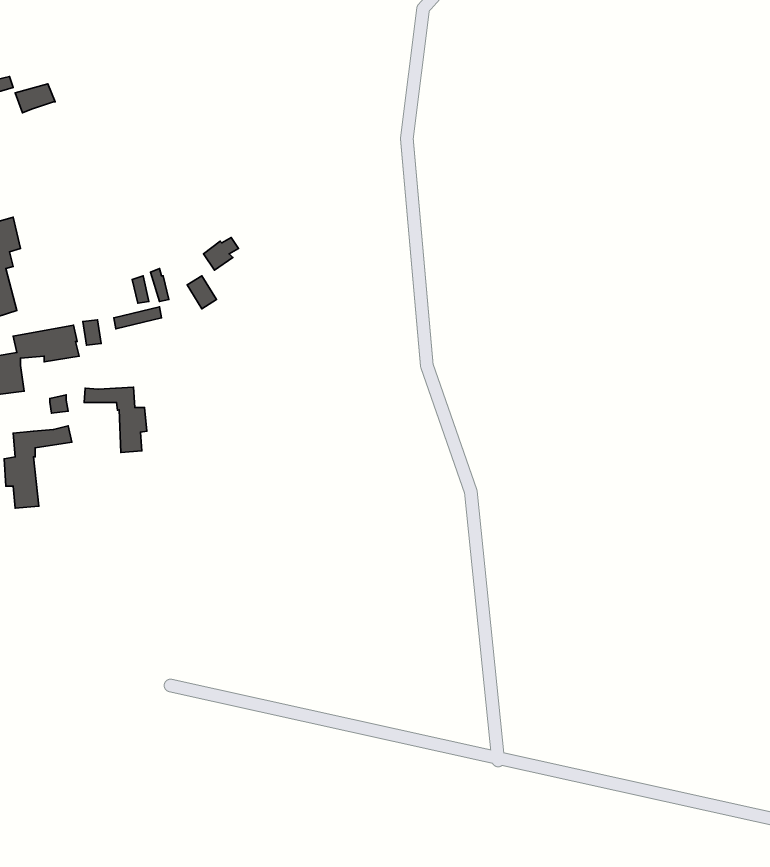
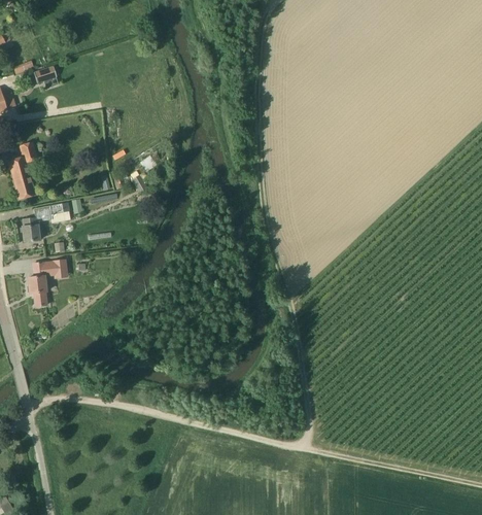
building: [84,387,147,453] -> none

